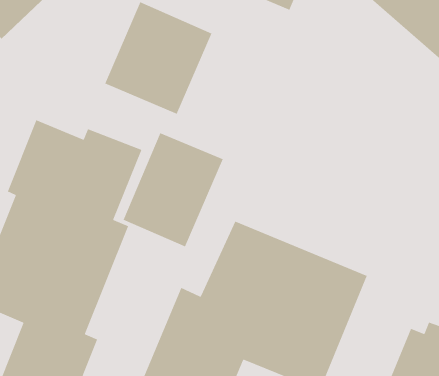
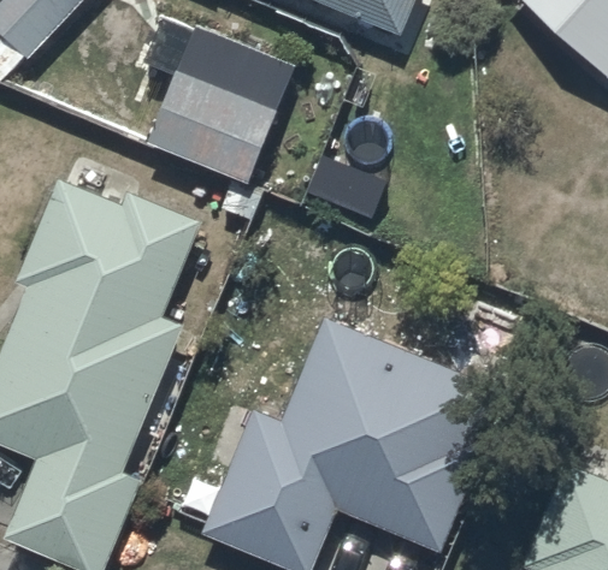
building: [122,132,224,248] -> none

